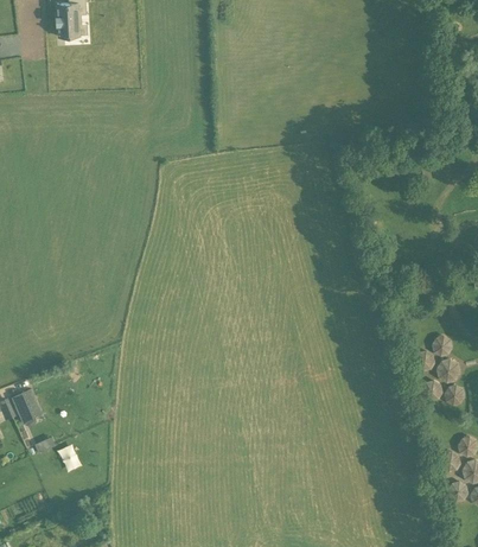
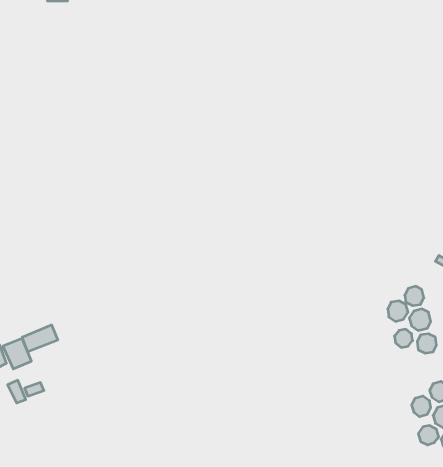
building: none -> [22,325,58,352]

